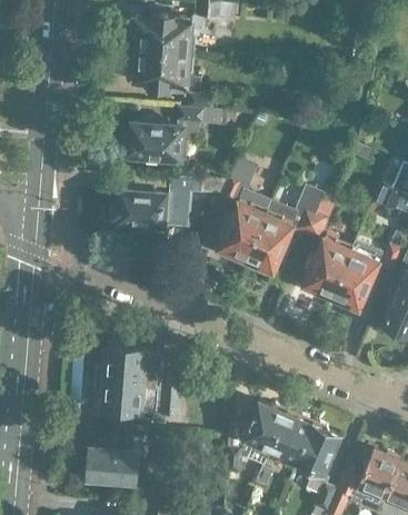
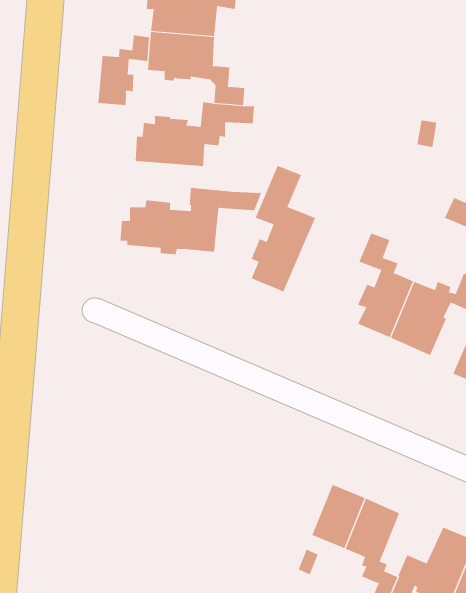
building: none -> [98,35,150,106]
building: [246,186,324,271] -> none
building: [94,343,179,416] -> none
building: [228,403,285,474] -> none
building: [87,436,147,483] -> none

